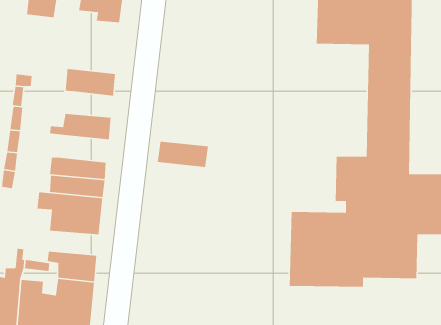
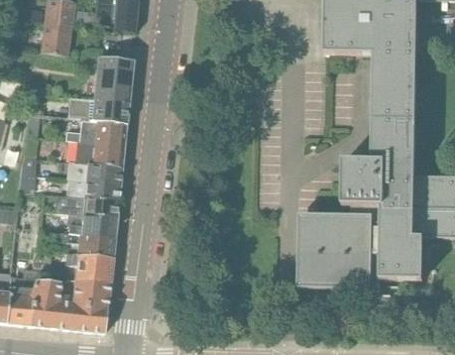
building: none -> [39,24,71,55]
building: none -> [83,56,133,81]
building: none -> [79,99,128,123]
building: [157,141,209,168] -> [74,140,124,166]
building: none -> [53,232,114,256]

